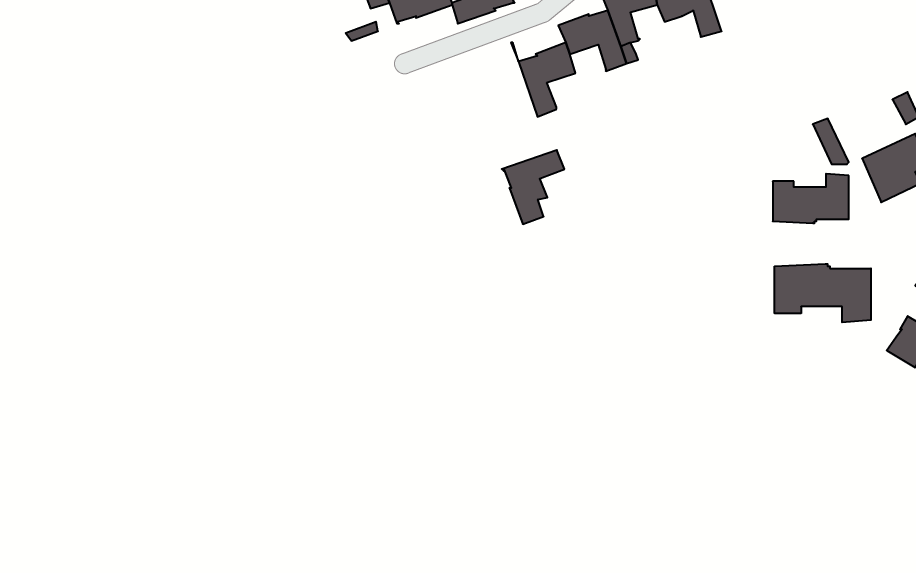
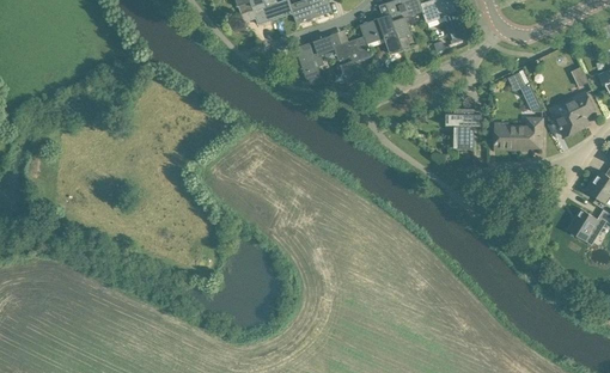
building: [502,150,564,224] -> [294,36,334,82]
building: none -> [452,108,472,148]
building: [775,264,871,322] -> none

